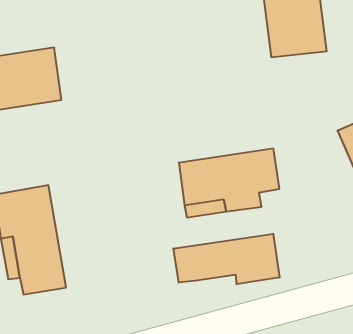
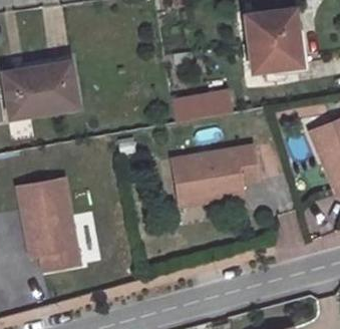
building: none -> [173,89,232,121]
building: [173,234,280,284] -> none

